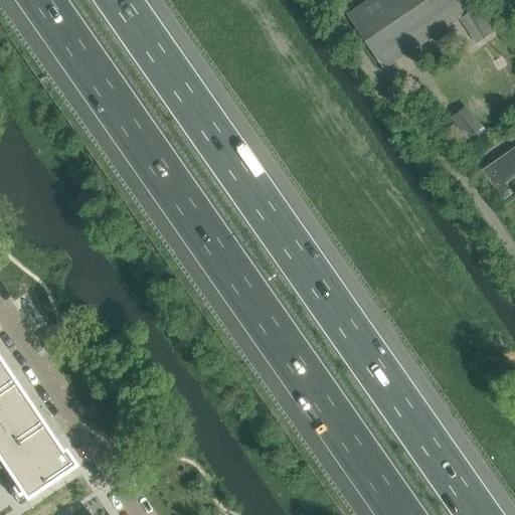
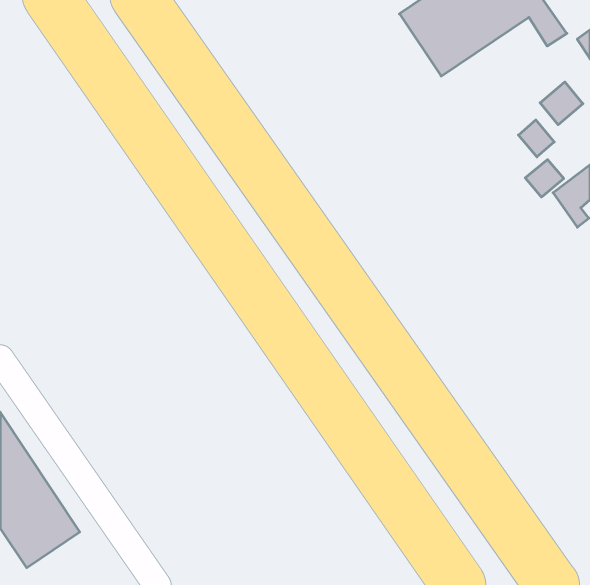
building: none -> [540,82,583,125]
building: none -> [525,160,564,197]

